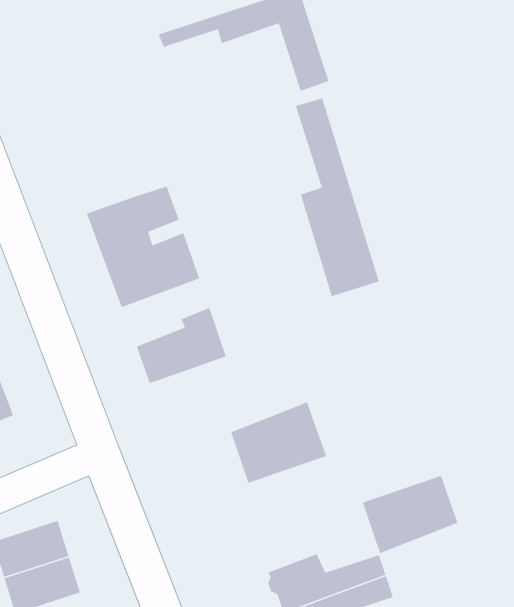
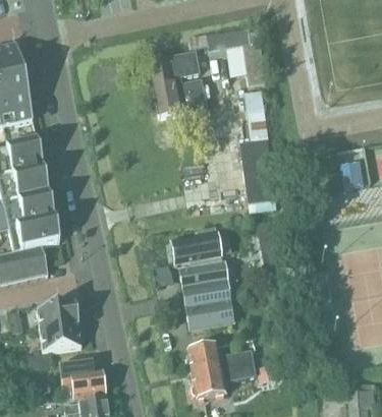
building: [86,186,200,308] -> [149,53,207,117]
building: [136,307,227,384] -> [171,227,221,264]
building: [362,475,458,554] -> [184,292,236,331]

